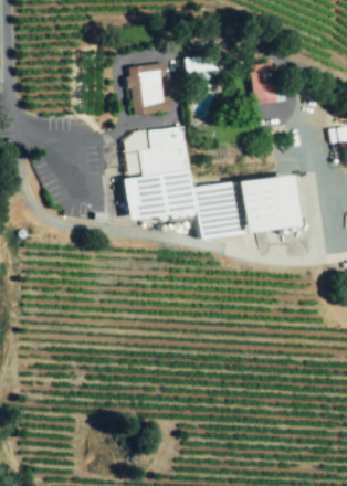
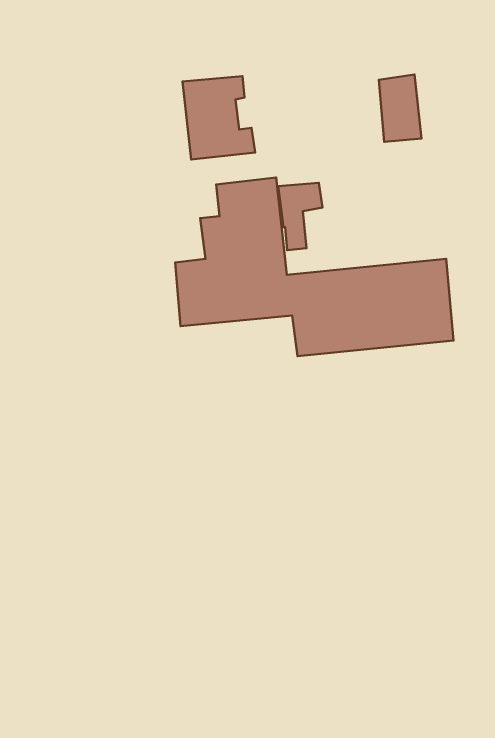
building: [186,56,220,80] -> none
building: [123,133,150,175] -> [278,183,322,250]

